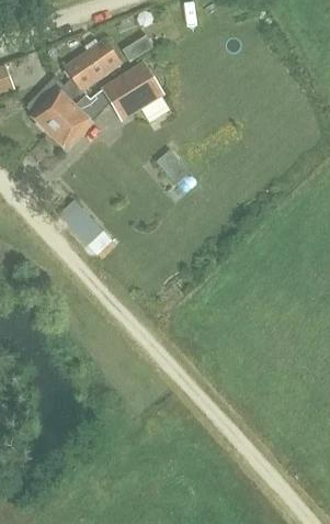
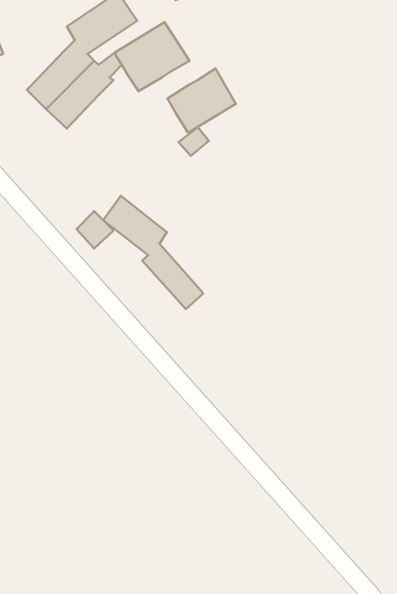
building: none -> [167,68,236,133]
building: none -> [103,196,203,309]

